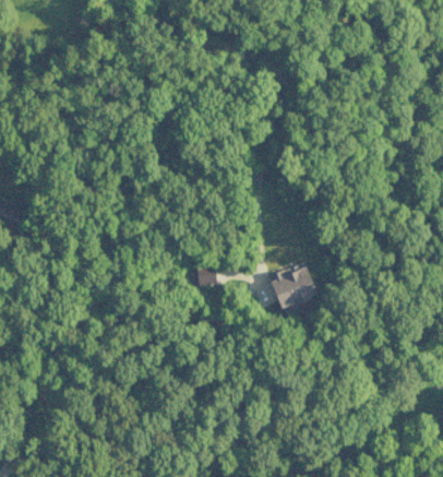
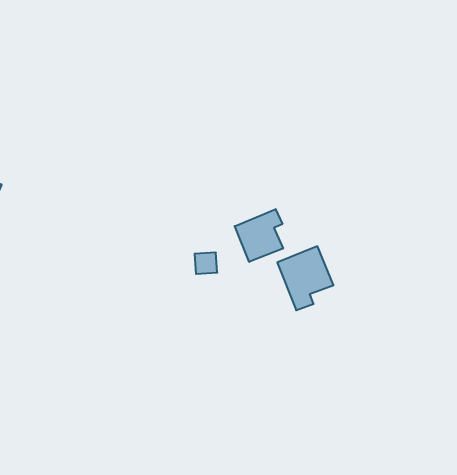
building: none -> [235,209,283,262]

